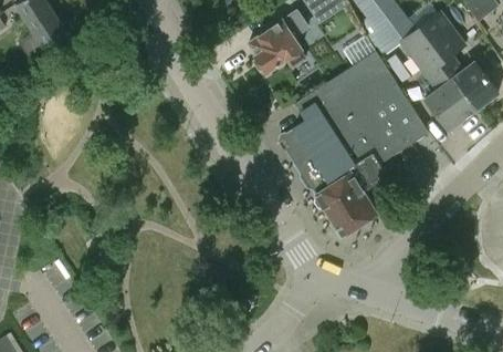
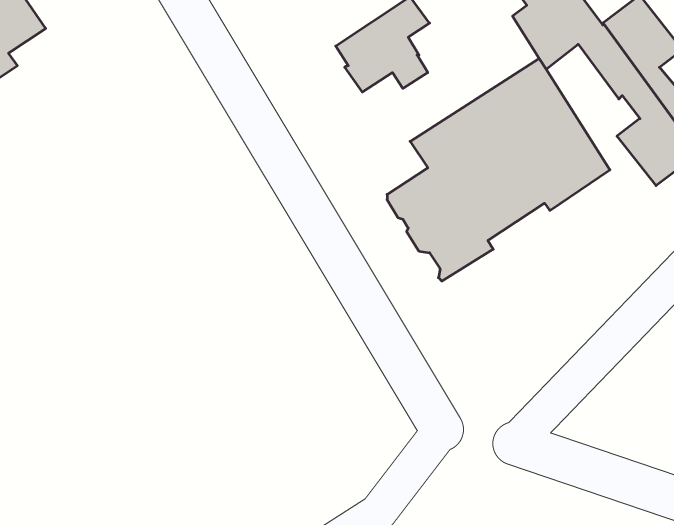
building: [315,120,429,232] -> none

